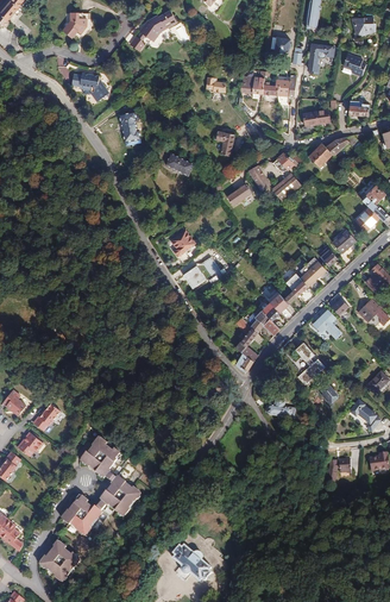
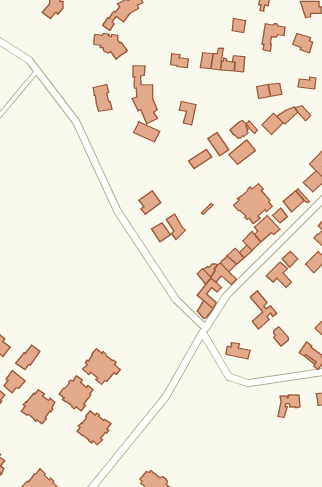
building: [71,73,109,101] -> [94,34,128,59]
building: none -> [132,66,157,124]
building: none -> [234,184,272,224]
building: none -> [83,349,120,384]
building: [62,495,100,533] -> [21,390,55,424]

